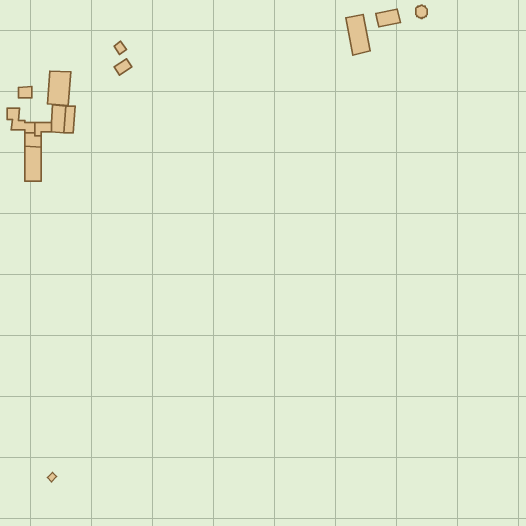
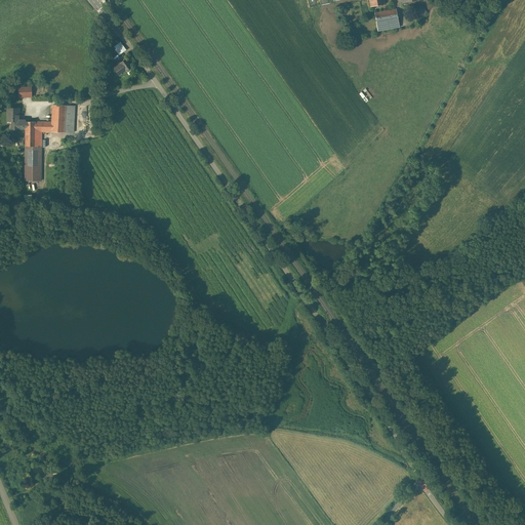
building: [346,15,370,55] -> none
building: [47,71,71,105] -> none

